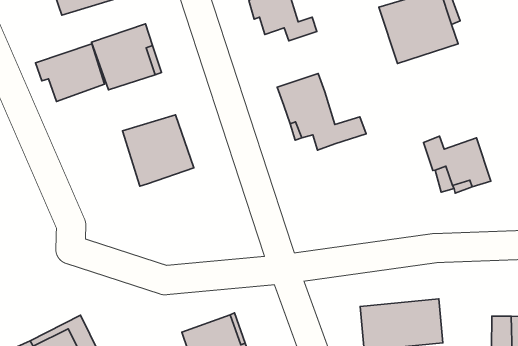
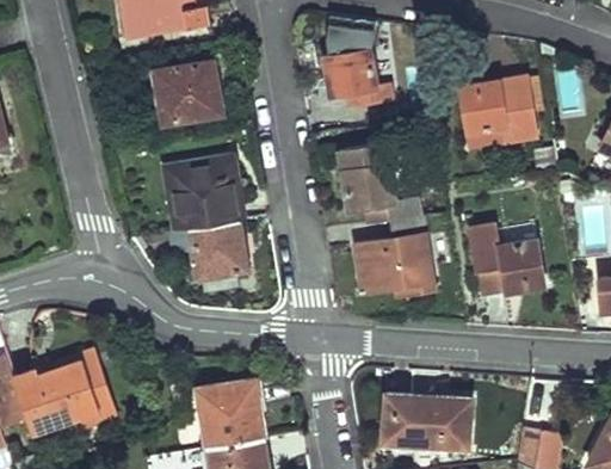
building: [36,44,104,101] -> none
building: none -> [356,216,434,292]
building: none -> [186,221,246,278]

